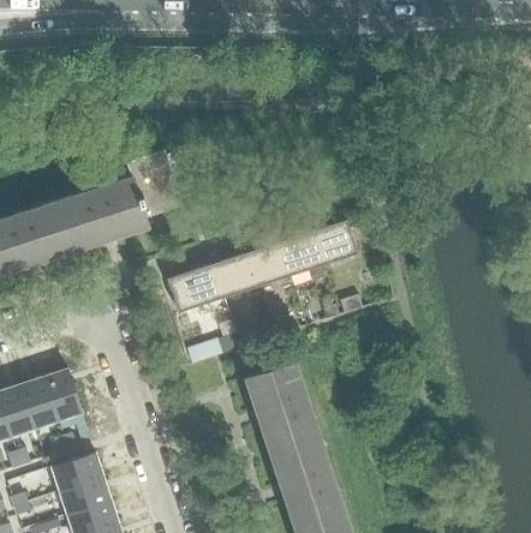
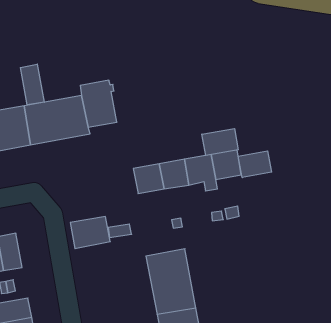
building: none -> [20,64,44,105]
building: none -> [202,129,238,155]
building: none -> [238,151,272,178]
building: [166,263,222,311] -> [70,217,110,249]

